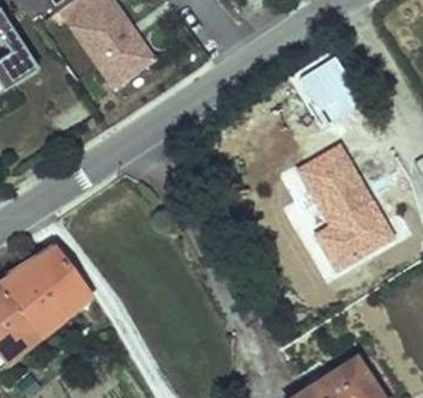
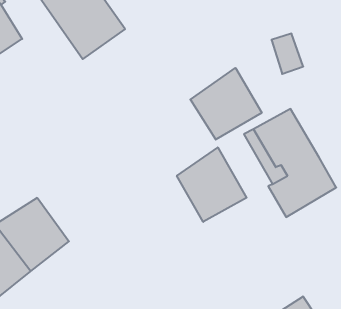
building: none -> [190,68,262,140]
building: none -> [177,147,247,222]

